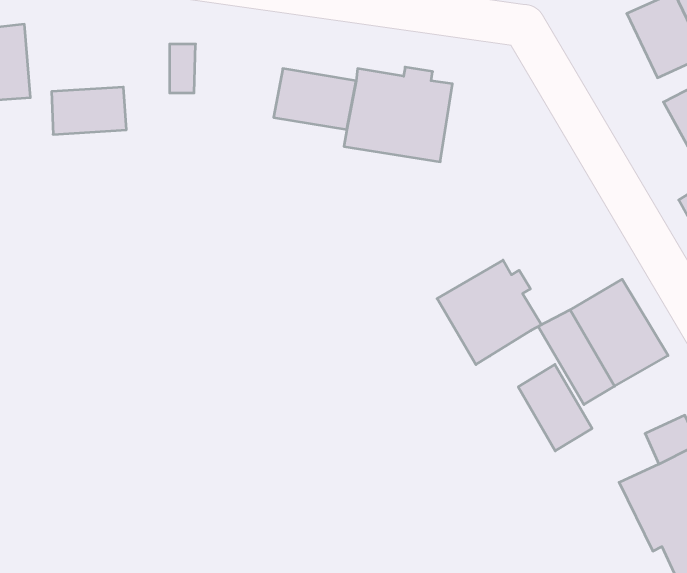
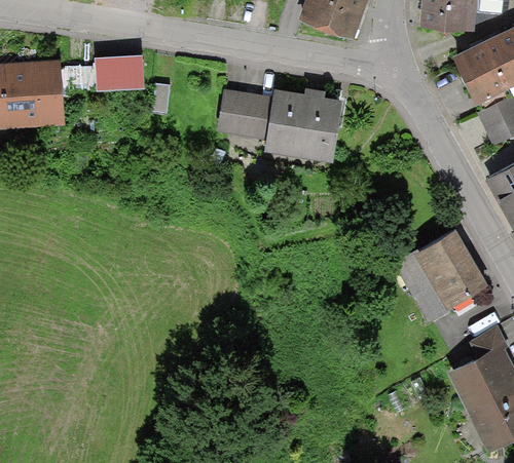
building: [52,87,126,134] -> [91,53,142,85]
building: [437,260,541,365] -> none
building: [518,364,592,451] -> none

